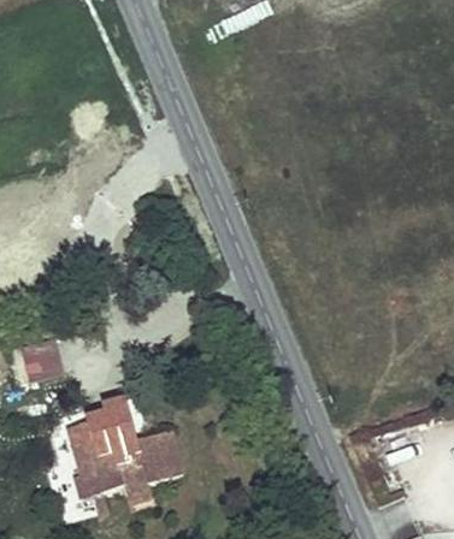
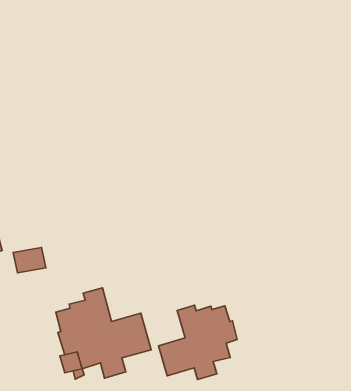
building: none -> [158,305,237,380]

